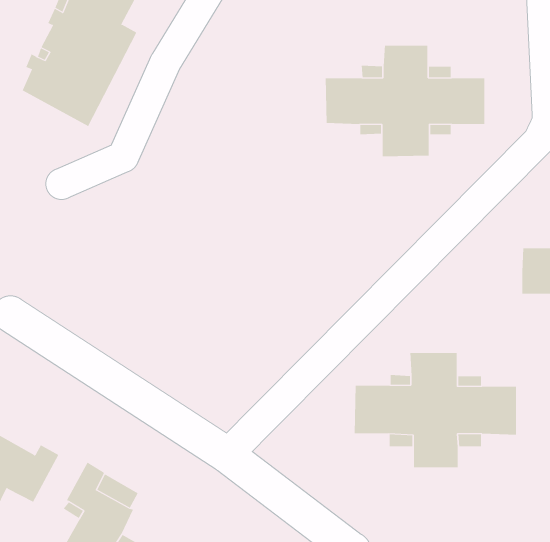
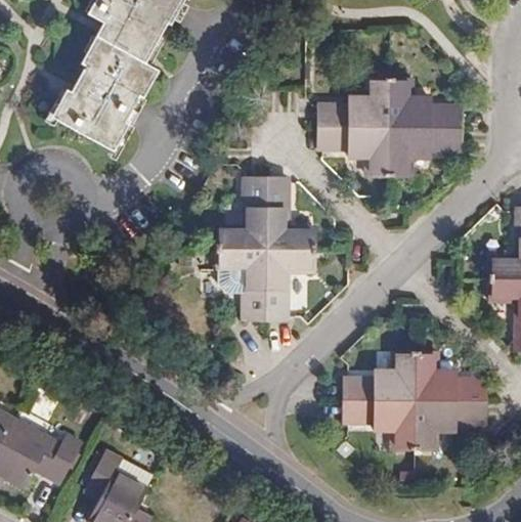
building: none -> [217,178,314,322]

